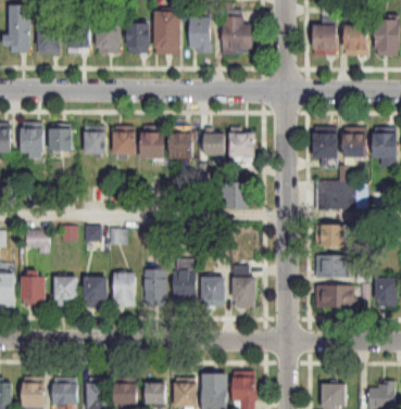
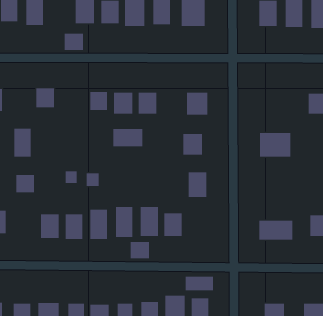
building: [66,33,90,53] -> [64,33,84,51]
building: [22,123,43,157] -> [13,128,32,157]
building: [84,130,104,154] -> none
building: [204,132,225,156] -> none
building: [313,132,337,167] -> none
building: [343,133,366,158] -> none
building: none -> [113,128,143,147]
building: [316,223,343,246] -> none
building: [315,254,347,278] -> none
building: [22,277,45,305] -> none
building: [233,277,255,307] -> [188,172,207,198]
building: none -> [130,241,149,259]
building: none -> [185,276,214,291]

